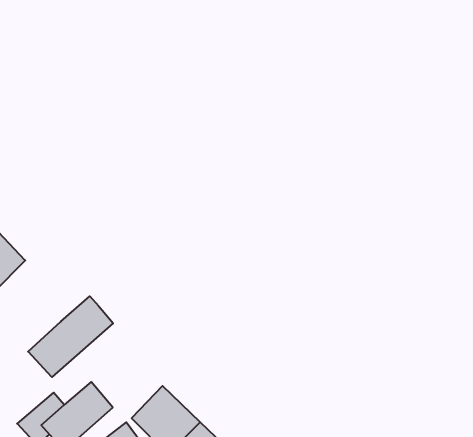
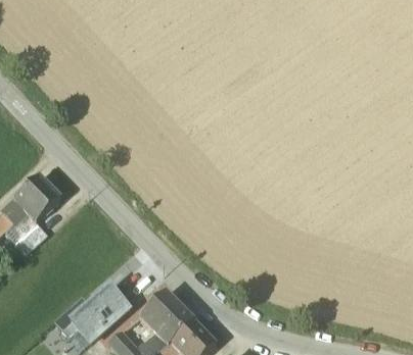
building: [28,296,113,377] -> none

